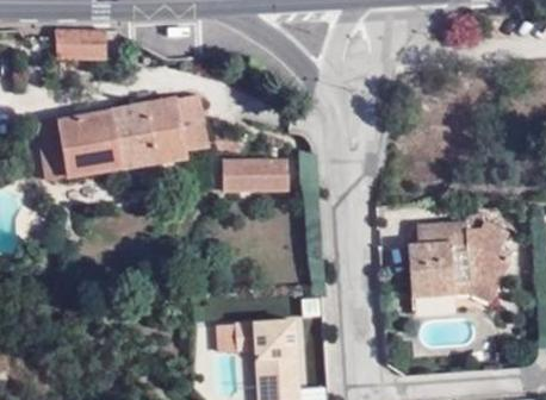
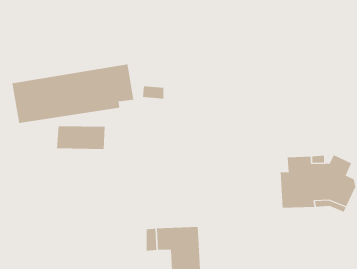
building: [56,29,111,61] -> none
building: [225,157,292,189] -> [56,126,105,149]

